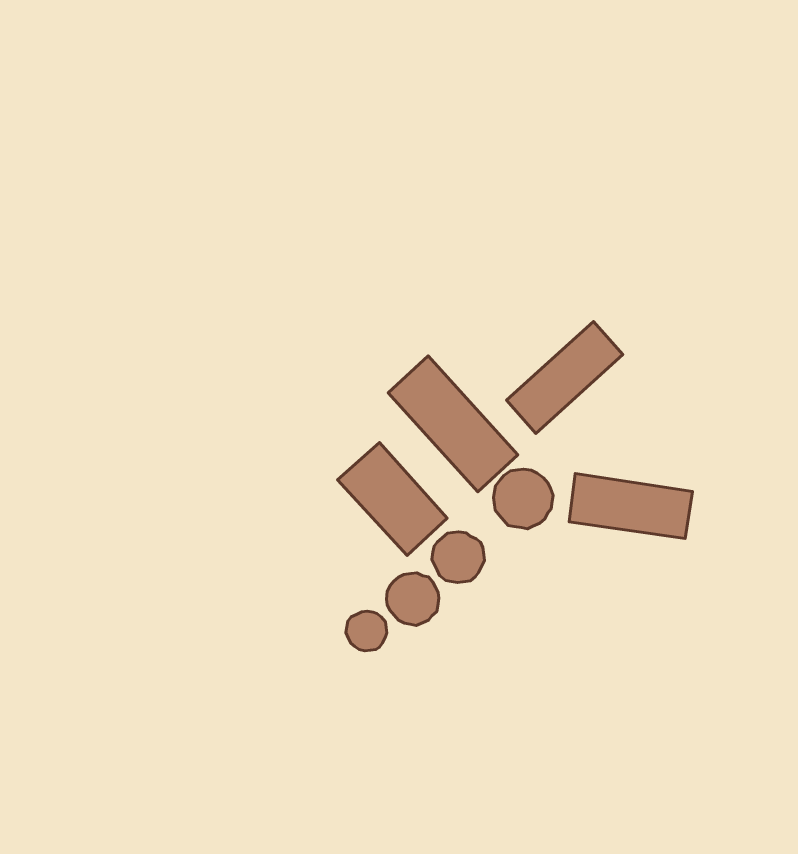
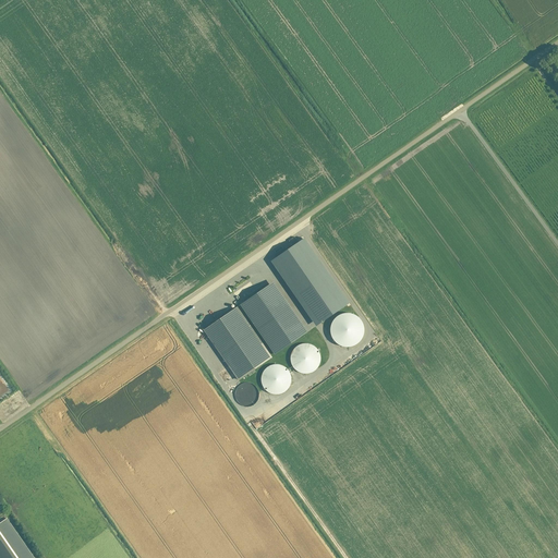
building: [506,322,623,433] -> none
building: [569,474,692,538] -> none
building: none -> [203,307,269,379]

